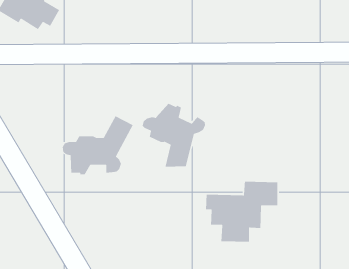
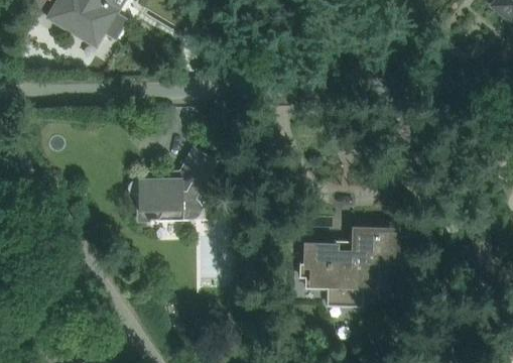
building: [142,103,206,168] -> none

